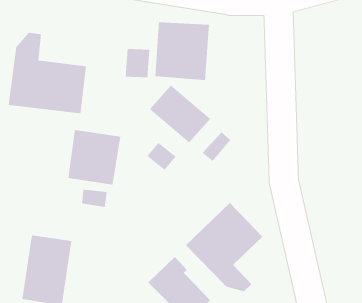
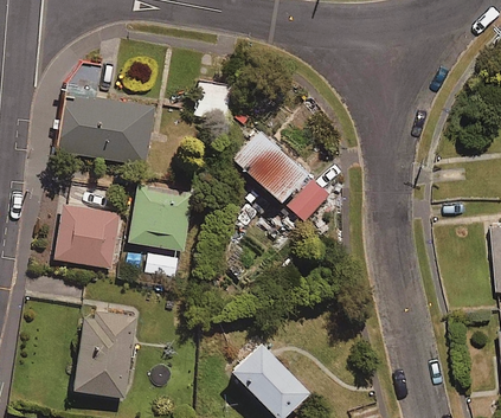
building: [155,21,209,81] -> none
building: none -> [53,186,124,270]
building: [185,202,263,292] -> none

